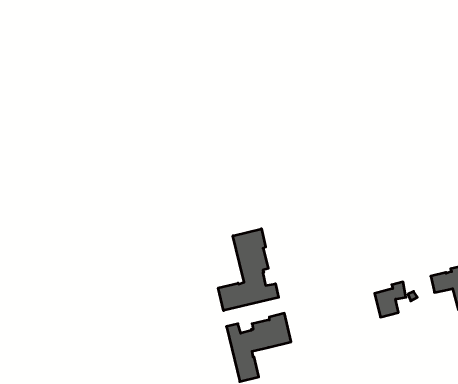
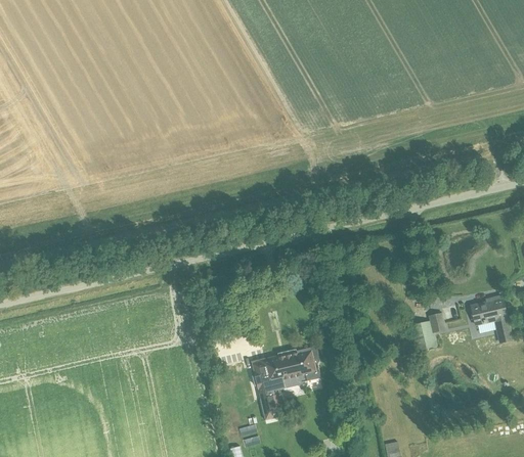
building: [218,229,279,311] -> none

